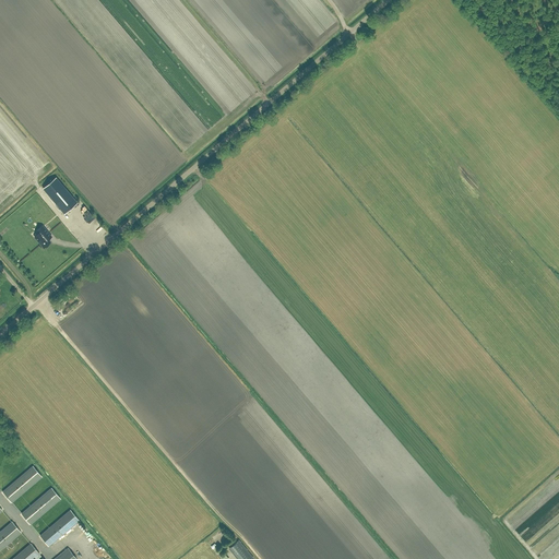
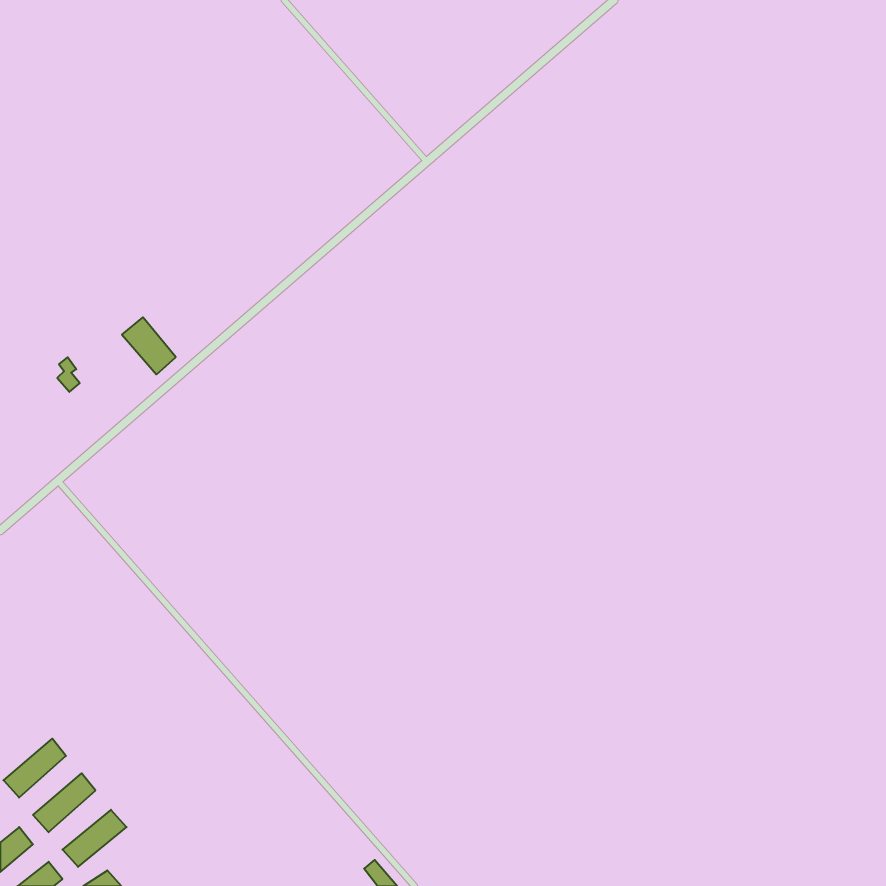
building: [43,177,76,213] -> [122,317,176,374]

